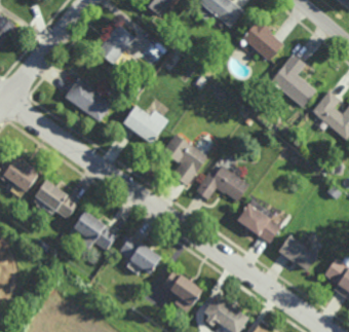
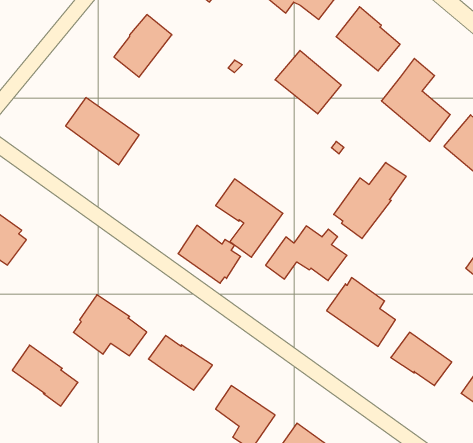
building: none -> [275,50,341,114]
building: [123,107,164,145] -> [178,225,241,283]
building: none -> [334,162,406,239]
building: [35,178,78,218] -> [12,345,78,406]

